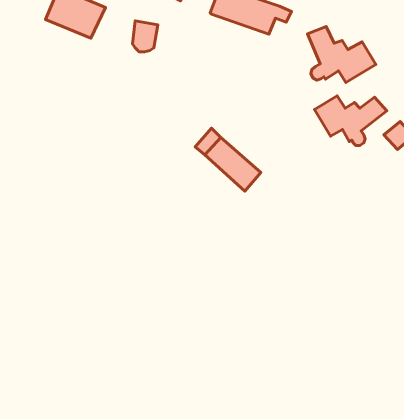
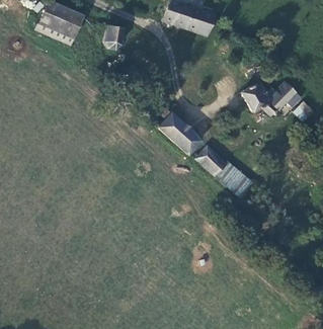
building: [308,27,376,82] -> none
building: none -> [196,144,253,194]

